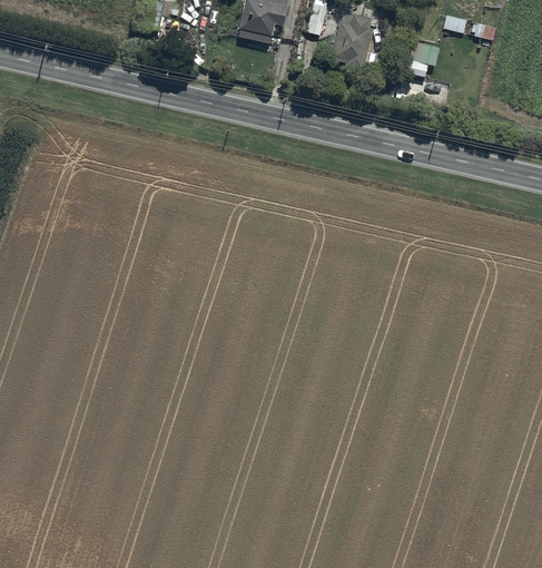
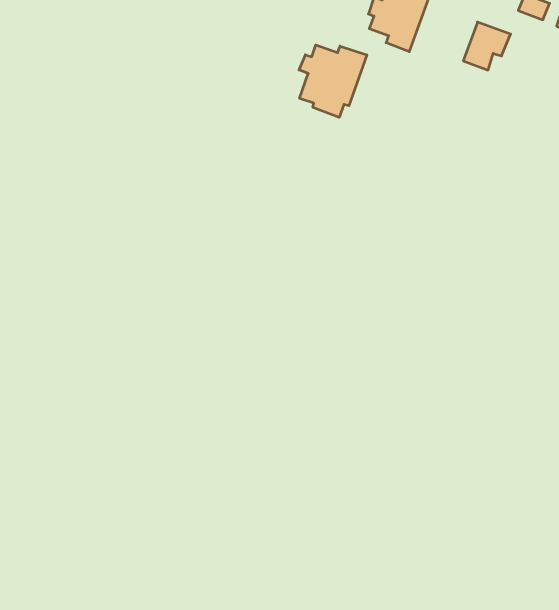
building: none -> [299,45,367,117]

